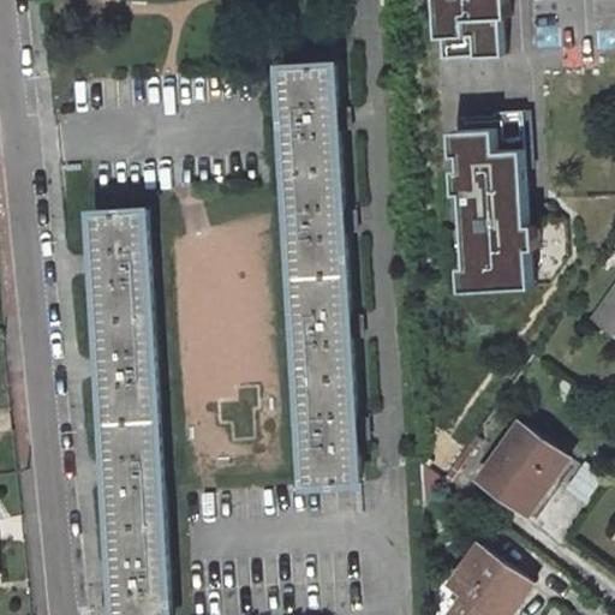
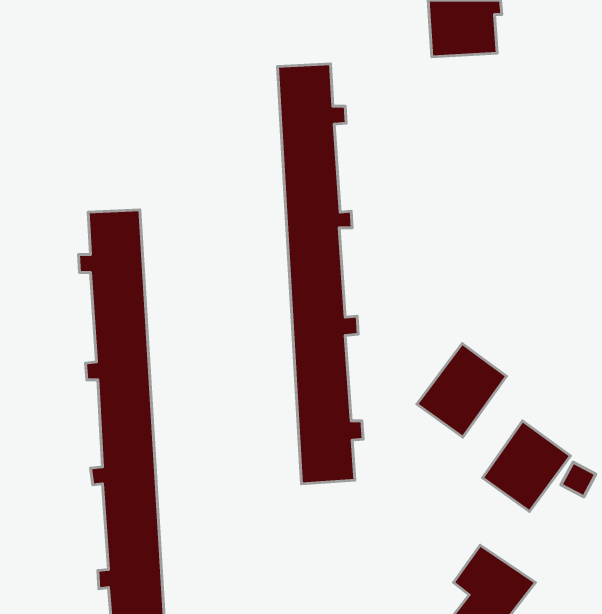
building: [448,111,527,291] -> none
building: none -> [417,344,506,437]

